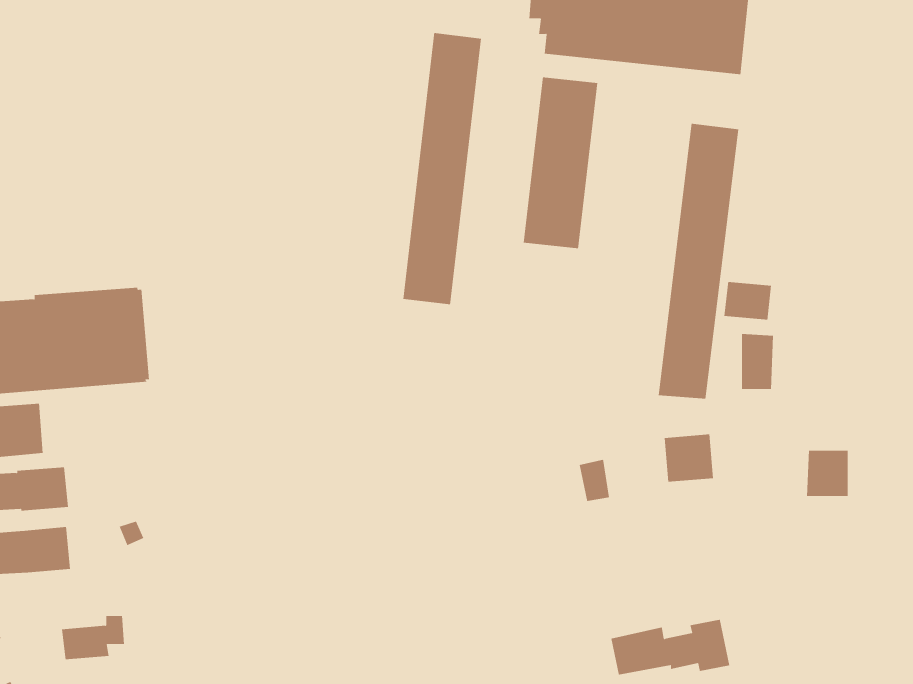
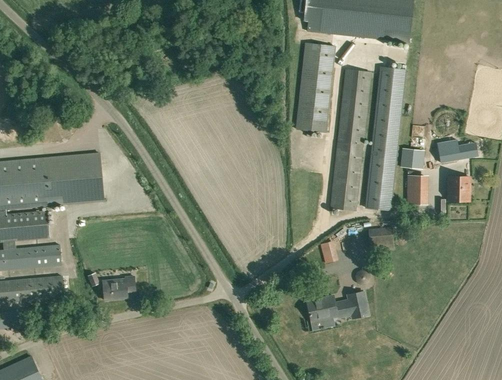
building: [403,33,482,305] -> [331,69,372,210]
building: none -> [436,138,477,163]
building: [806,450,849,497] -> [448,177,470,201]
building: [61,616,125,660] -> [102,276,135,299]
building: [610,619,730,675] -> [306,291,368,320]

